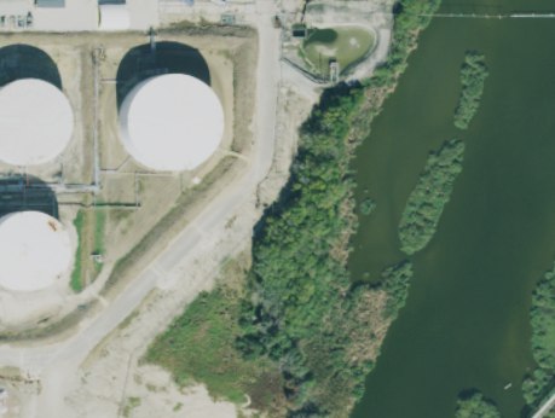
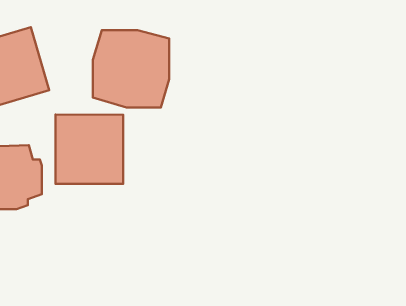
building: none -> [55,115,123,184]

